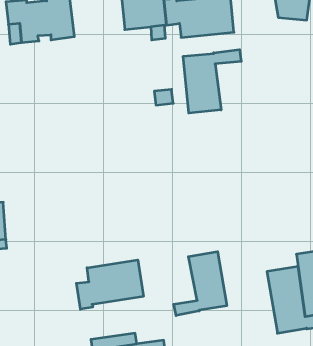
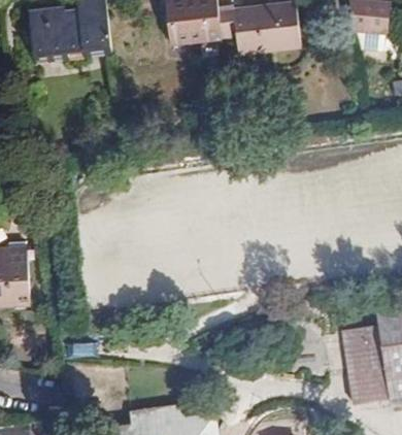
building: [183,50,241,113] -> none
building: [174,252,227,316] -> none
building: [76,260,143,309] -> none

